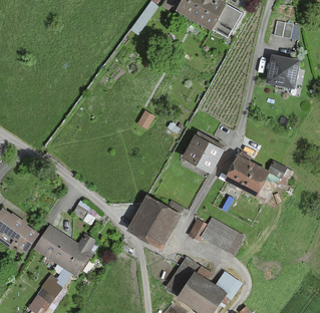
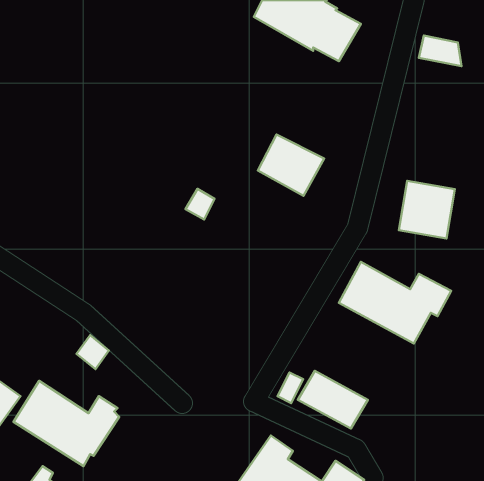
building: [266,54,299,88] -> [399,181,455,239]
building: [184,135,223,172] -> [258,135,324,196]
building: [129,196,180,246] -> none

